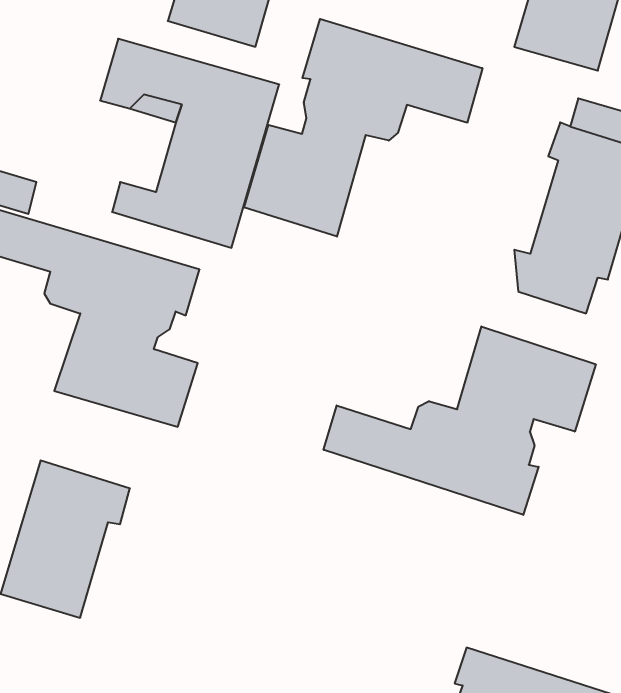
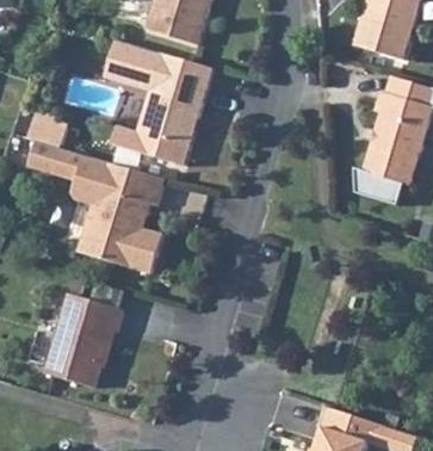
building: [244,19,482,237] -> none
building: [324,326,596,515] -> none

